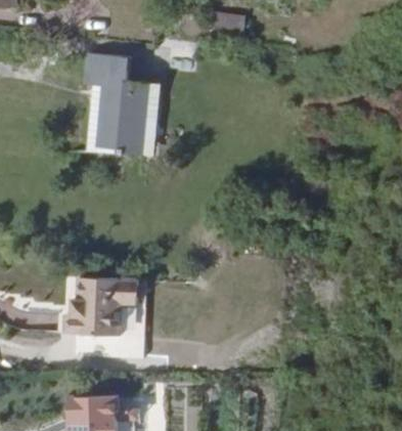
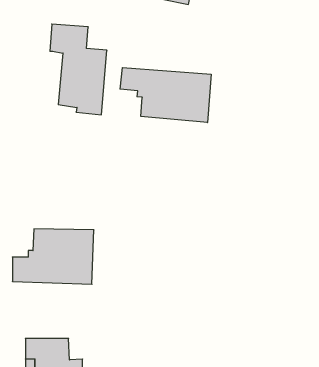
building: [89,83,121,149] -> none
building: none -> [120,68,211,123]

